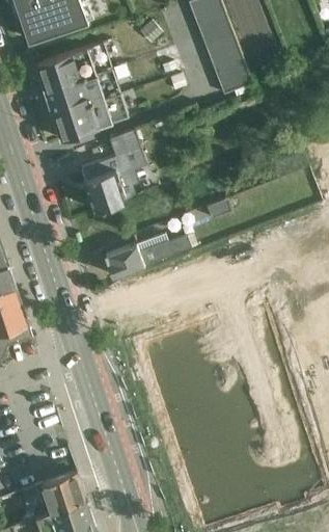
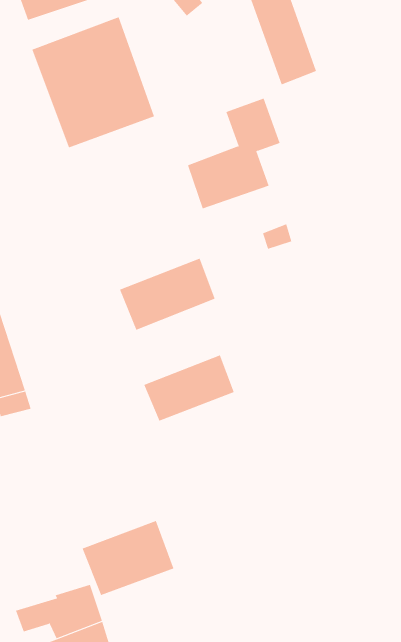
building: [76,129,146,213] -> [187,98,281,209]
building: none -> [144,355,235,421]
building: none -> [82,520,174,596]

